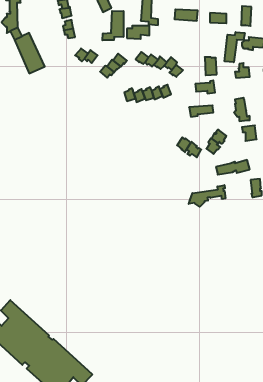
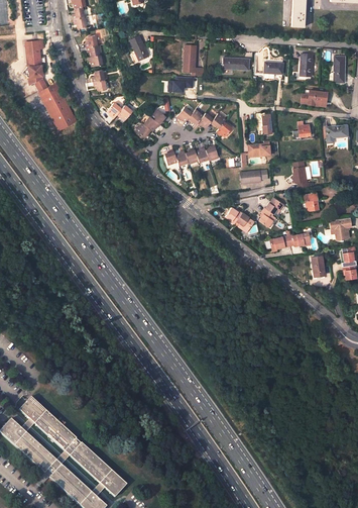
building: [102,11,123,40] -> none
building: [225,32,245,62] -> none
building: [189,185,225,207] -> none

